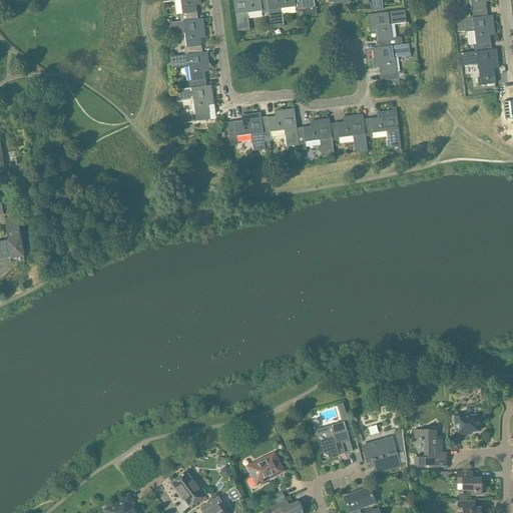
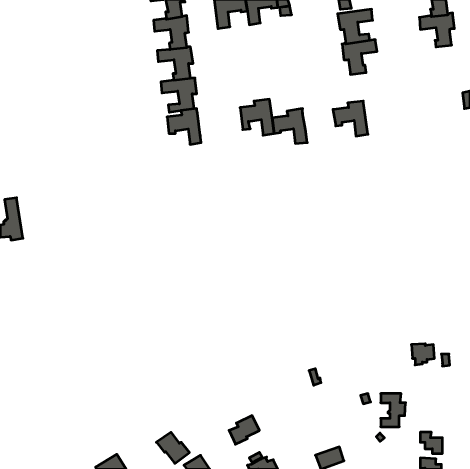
building: [461,48,499,85] -> none
building: [228,112,266,151] -> [167,109,201,144]
building: [330,114,368,152] -> none
building: [455,413,480,436] -> [411,344,434,365]
building: [316,421,353,456] -> none
building: [364,437,401,472] -> none

